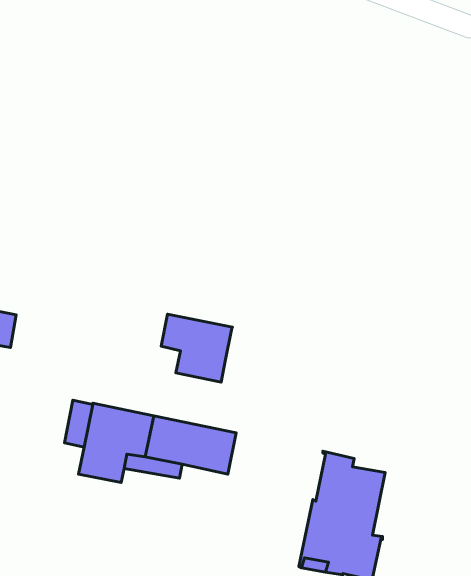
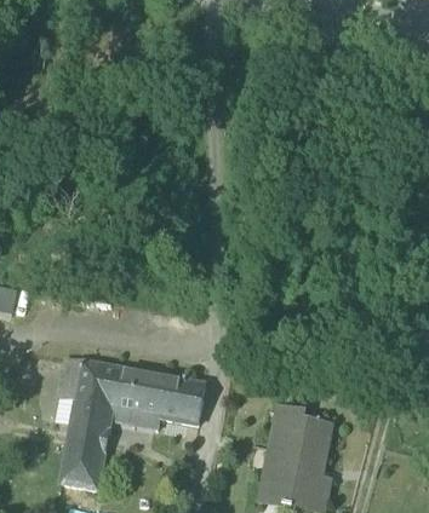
building: [161,314,232,382] -> none
building: none -> [58,422,107,489]

